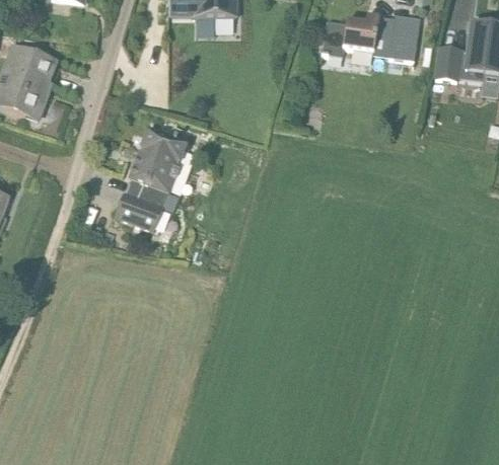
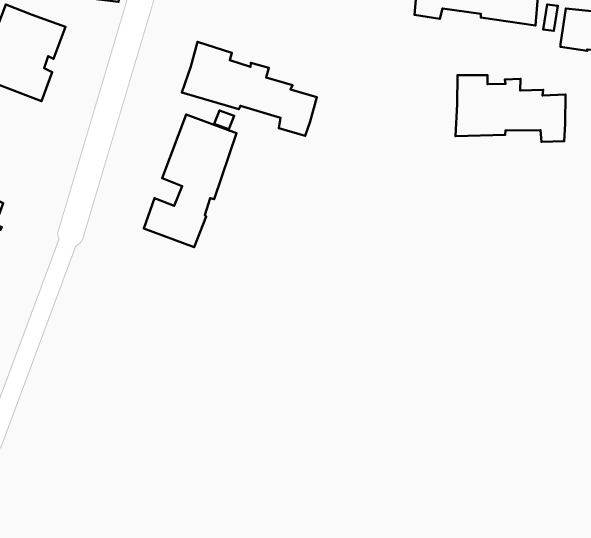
building: none -> [182,42,317,136]
building: none -> [456,75,565,142]

